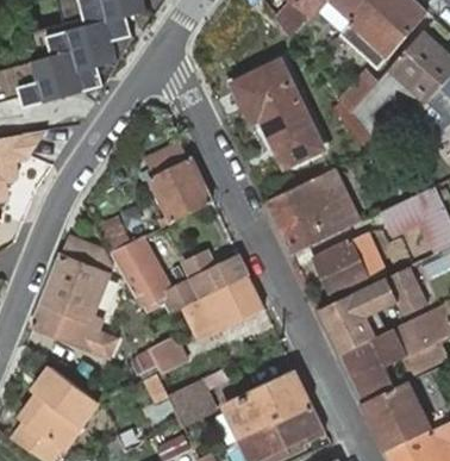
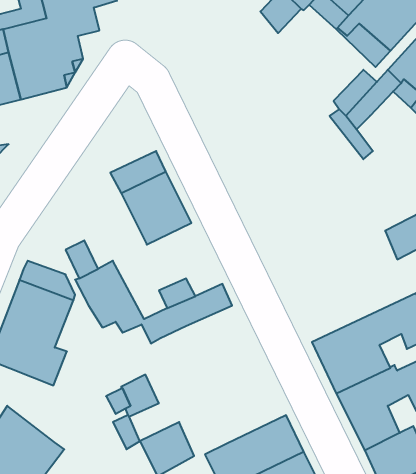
building: [238,68,319,162] -> none
building: [265,168,358,255] -> none
building: [312,229,387,294] -> none
building: [185,276,264,339] -> none

